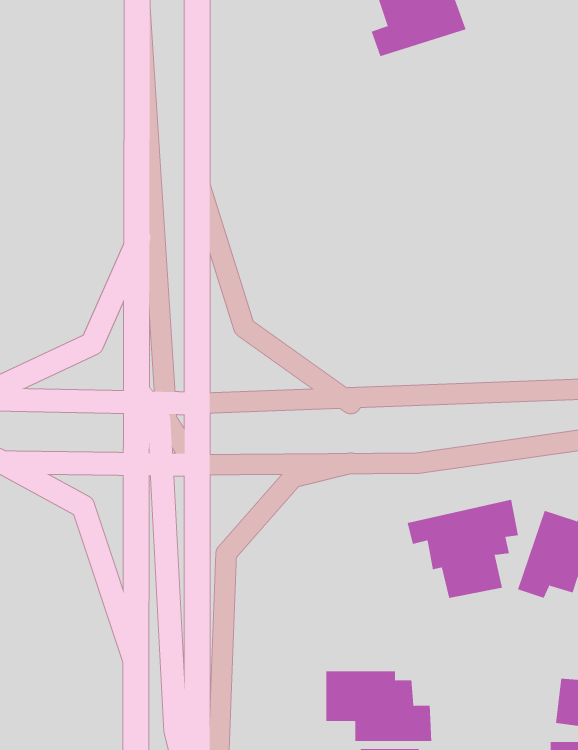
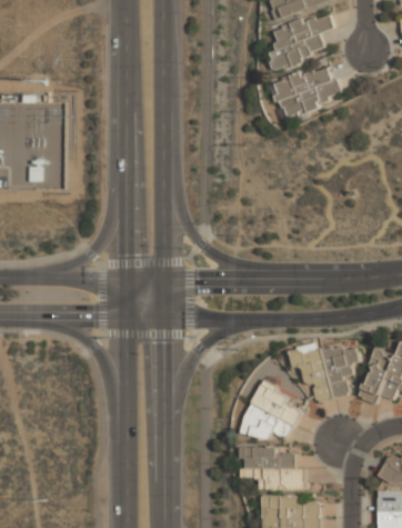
building: none -> [271,64,342,120]
building: none -> [239,382,300,442]

